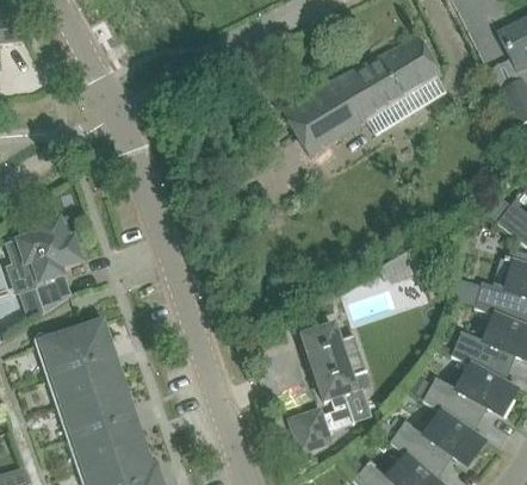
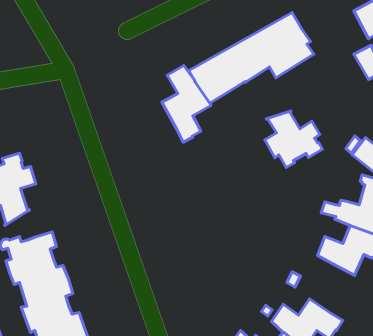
building: none -> [162,66,211,142]
building: none -> [265,111,322,167]
building: [290,325,366,452] -> none
building: [422,366,516,431] -> none

